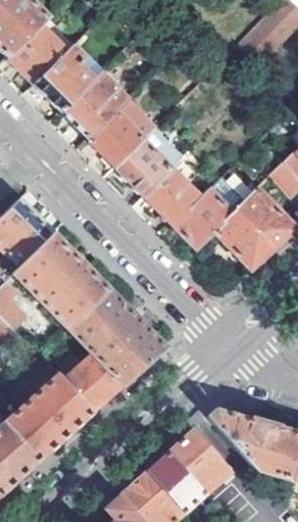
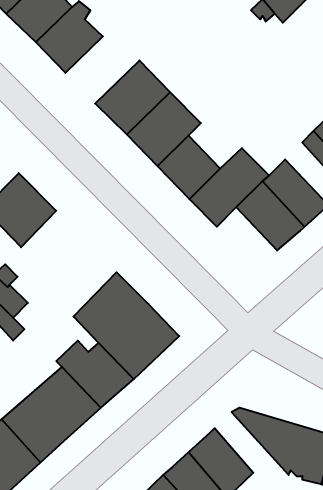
building: [62,72,129,138] -> none
building: [15,234,108,329] -> none

